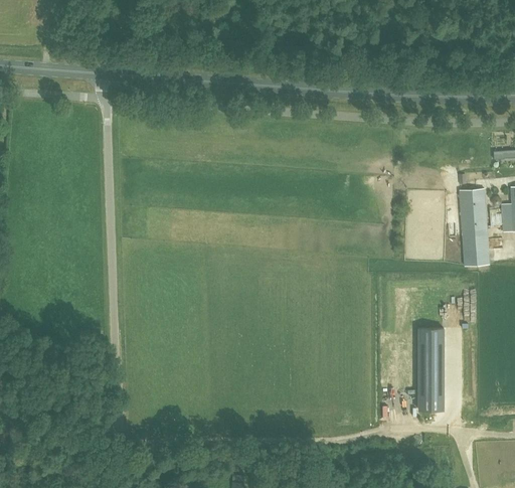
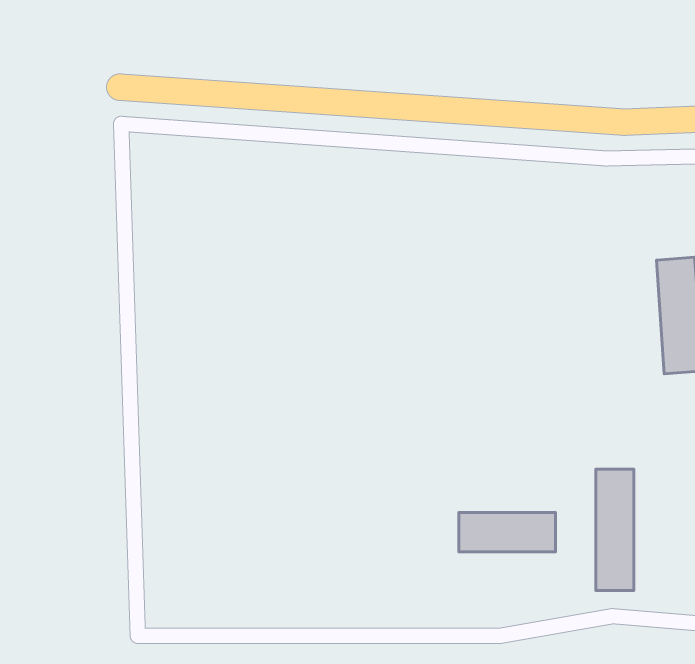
building: none -> [459,513,555,552]

